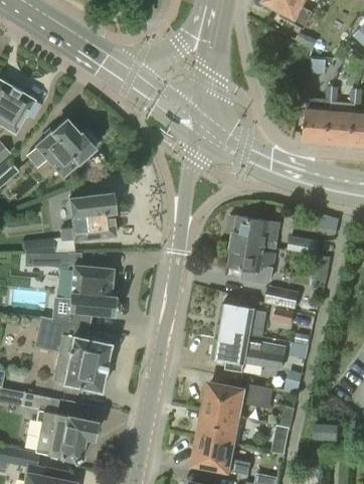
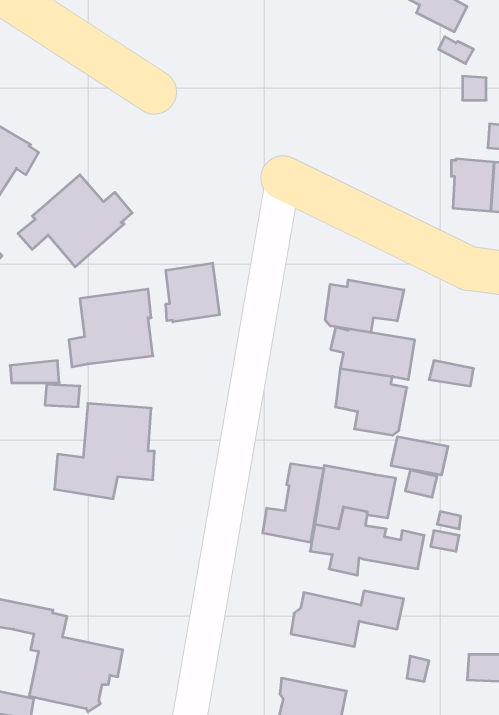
building: none -> [166,263,220,322]
building: none -> [325,280,404,333]
building: none -> [263,464,324,542]
building: [35,317,110,390] -> none
building: [195,411,241,447] -> none

